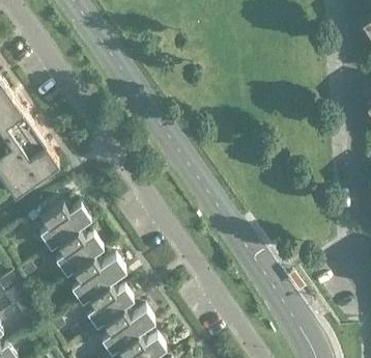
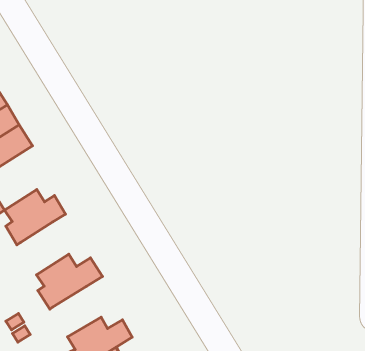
building: [53,229,103,278] -> none
building: [84,283,133,330] -> none

